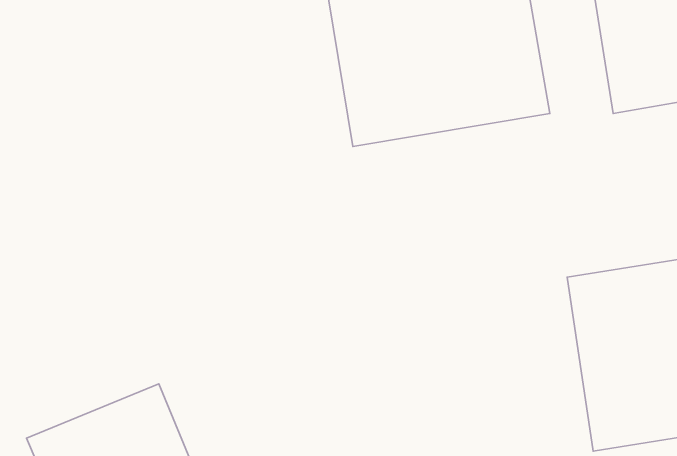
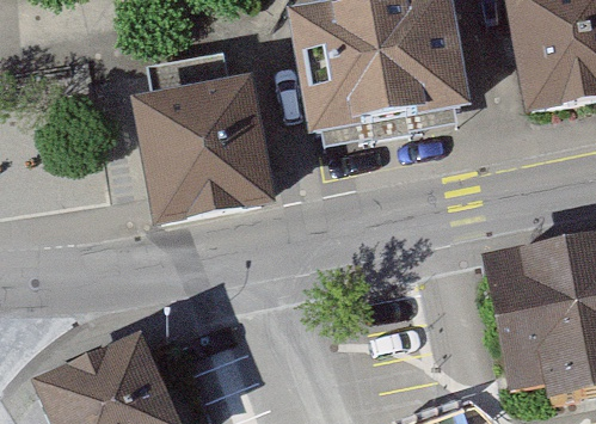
building: none -> [133,82,272,219]

